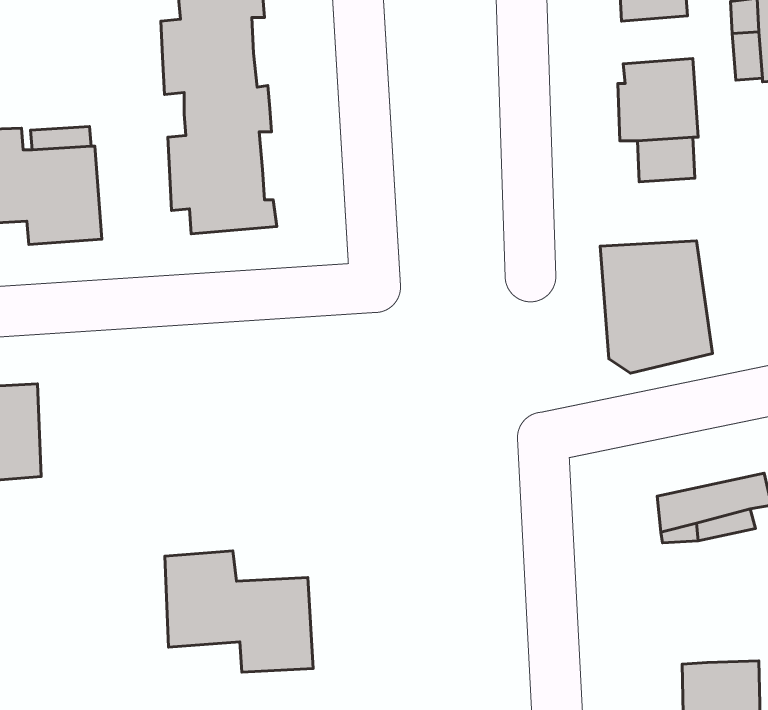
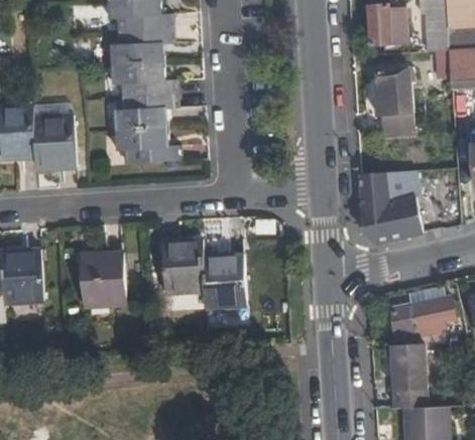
building: none -> [80,252,127,307]
building: [165,551,313,672] -> [162,240,246,308]
building: none -> [392,344,427,408]

